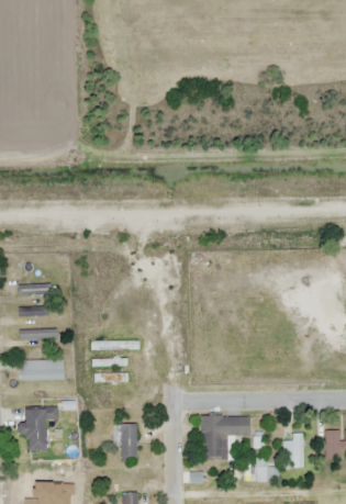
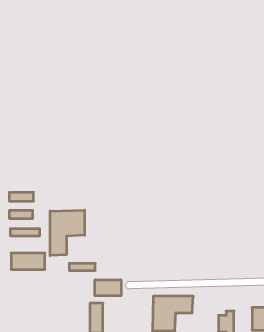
building: none -> [50,210,85,256]
building: none -> [95,280,121,296]
building: [19,408,57,451] -> none

